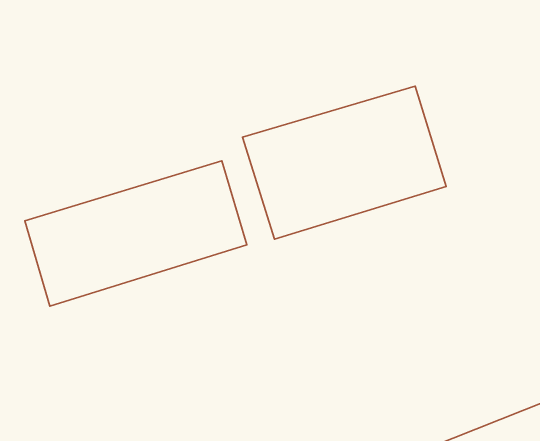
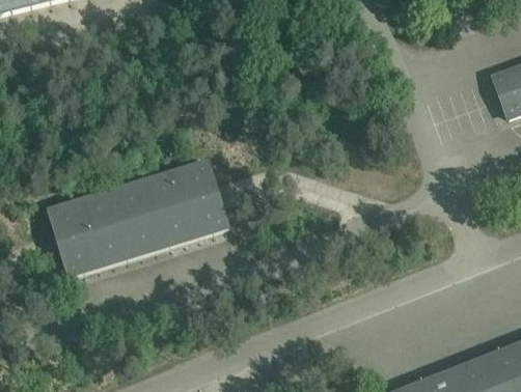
building: [243,86,446,239] -> none

